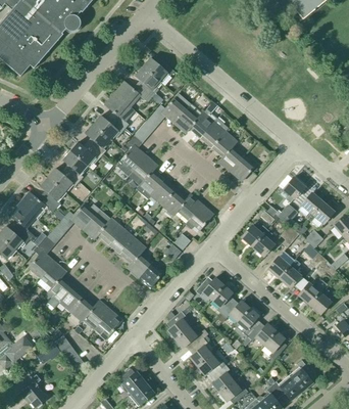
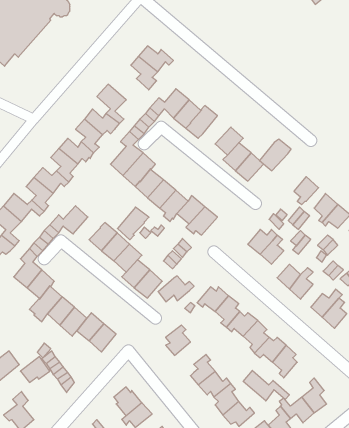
building: [114,81,151,106] -> none
building: [200,118,229,146] -> [260,139,291,171]
building: [83,209,111,238] -> [117,207,149,240]
building: [174,324,207,348] -> [158,276,194,302]
building: none -> [243,370,289,401]

